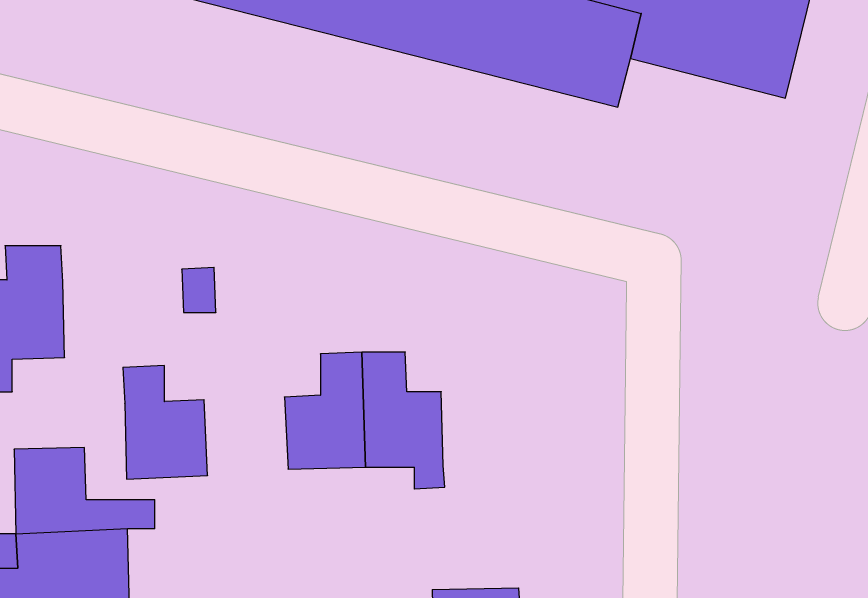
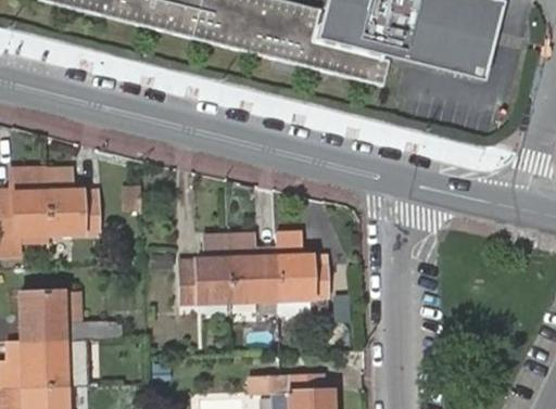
building: none -> [276,230,328,320]
building: [123,366,208,479] -> [47,167,98,235]

